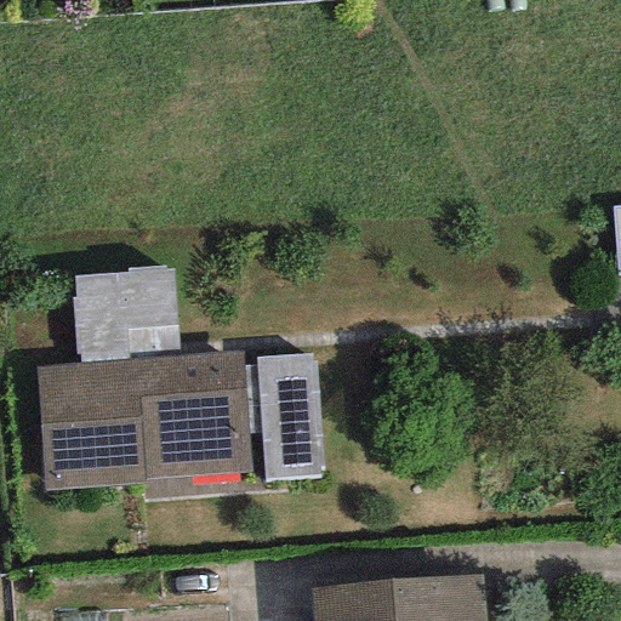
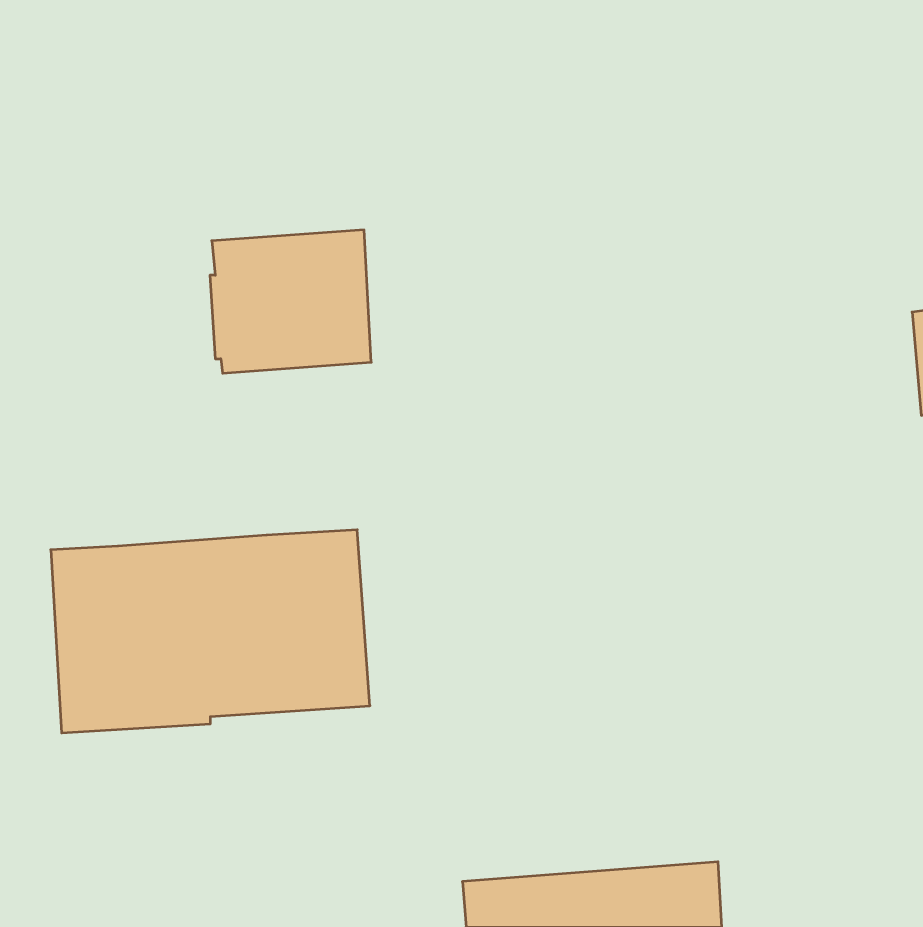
building: [73,269,181,365] -> [210,230,371,373]
building: [257,355,323,482] -> none

